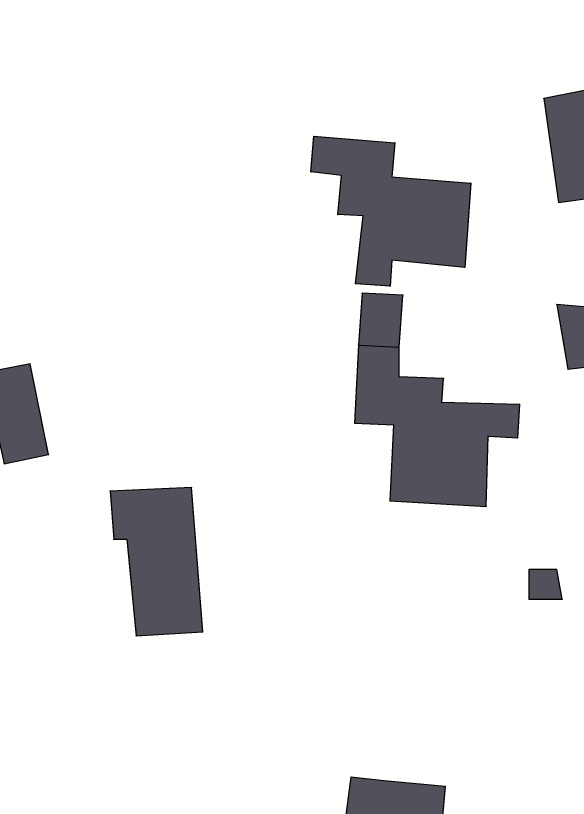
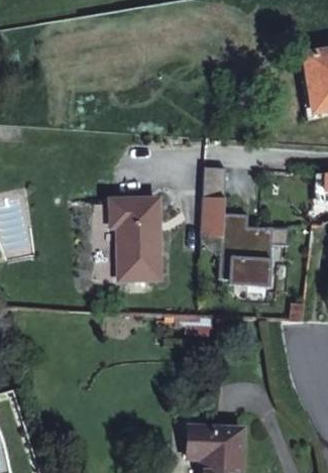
building: [311,136,471,286] -> none
building: [110,487,203,636] -> [109,196,159,276]

